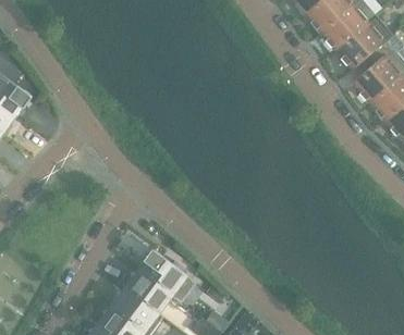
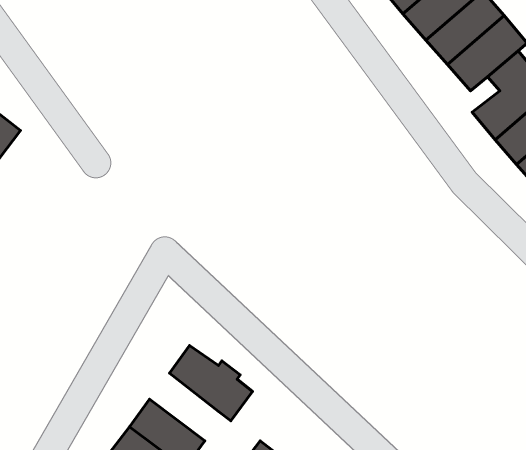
building: [123,269,172,317] -> none

